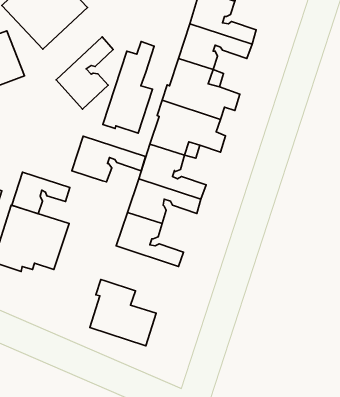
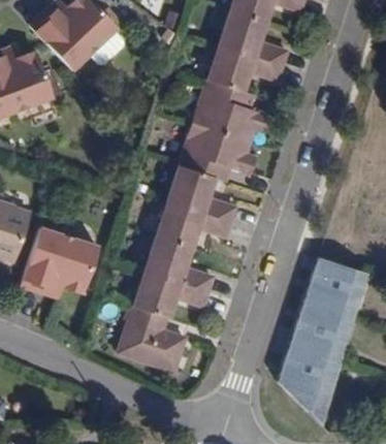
building: [56,37,113,109] -> none
building: [103,42,154,133] -> none
building: [72,136,145,182] -> [135,269,210,316]
building: [12,172,70,214] -> none
building: none -> [278,260,362,414]

